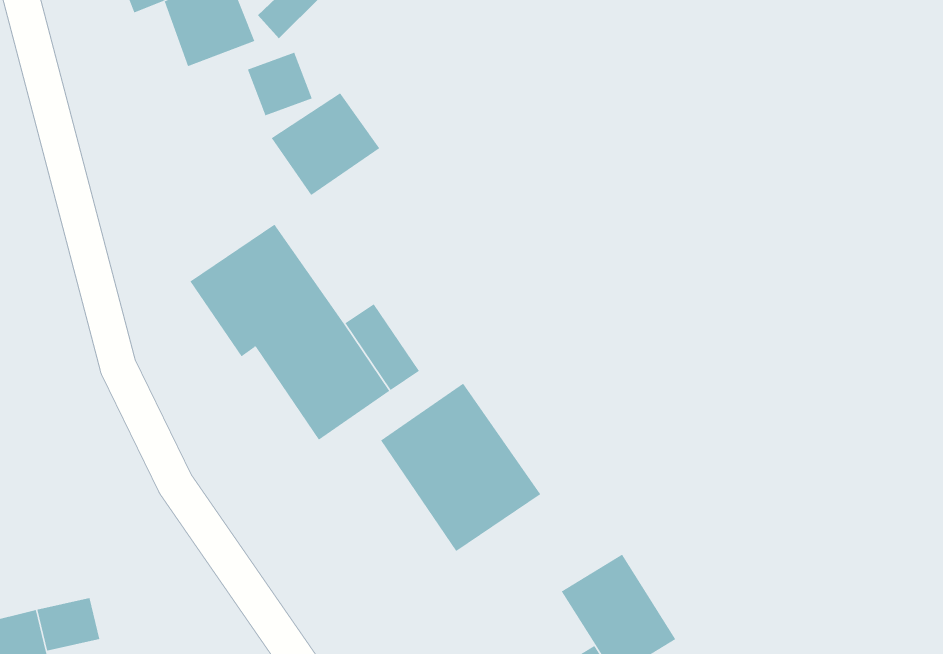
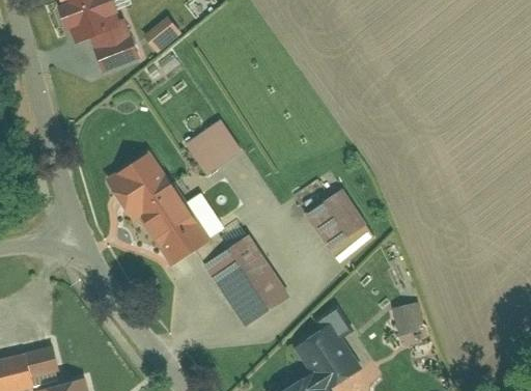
building: [247,52,312,116] -> none
building: [271,92,380,196] -> [184,119,241,173]
building: none -> [304,189,373,261]
building: none -> [394,303,420,332]

